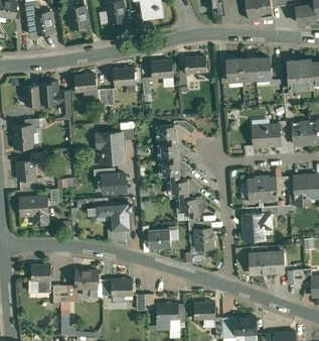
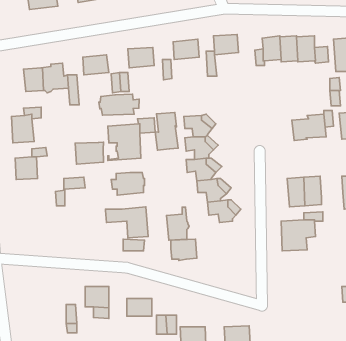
building: none -> [99,94,139,115]
building: none -> [155,112,178,150]
building: none -> [75,142,103,164]
building: [20,196,49,225] -> none
building: [195,221,214,249] -> [167,207,189,240]
building: [250,252,285,273] -> none
building: [29,265,50,292] -> none

